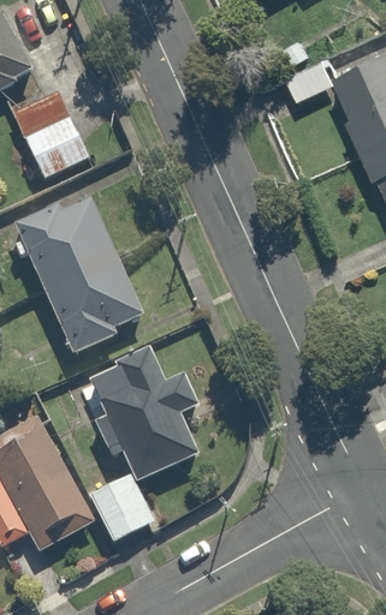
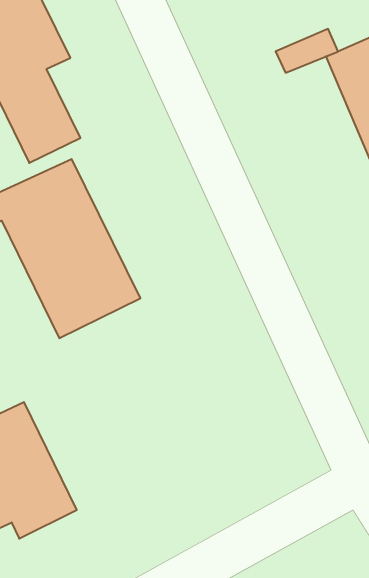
building: [78,348,212,543] -> none

